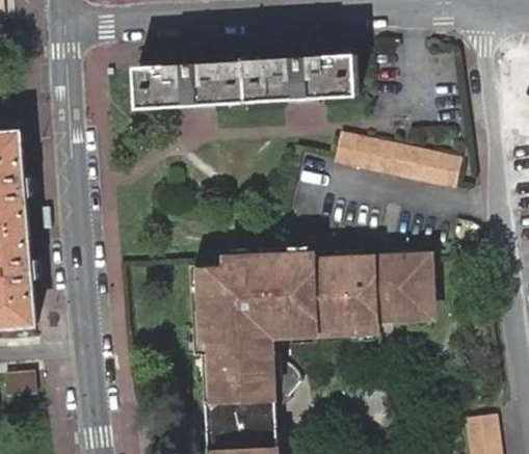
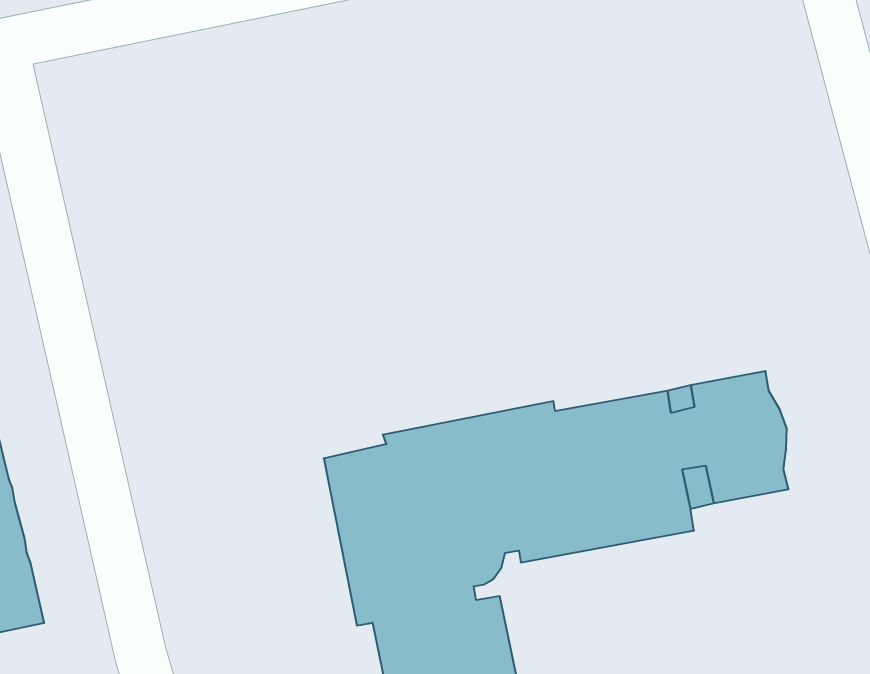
building: [137,55,359,108] -> none
building: [335,139,462,192] -> none

